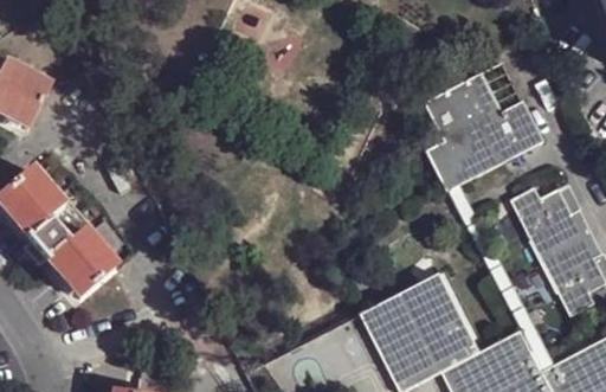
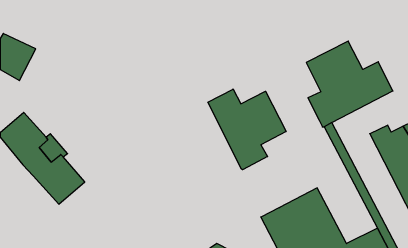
building: none -> [208,89,286,170]

